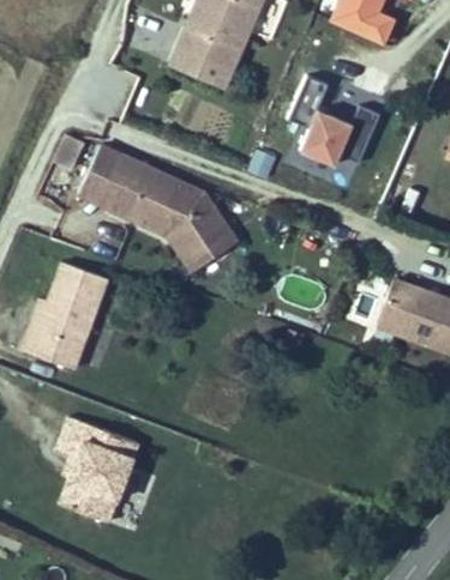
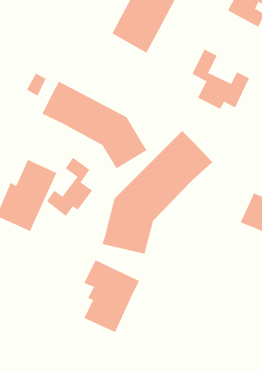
building: none -> [102,130,213,254]
building: none -> [46,157,93,217]
building: [56,411,139,516] -> [83,260,140,333]

